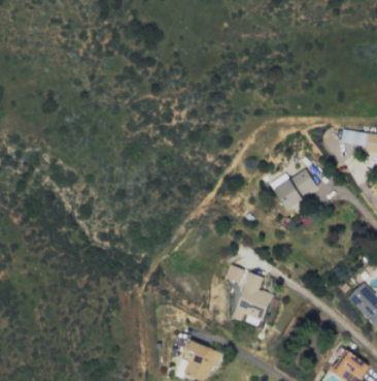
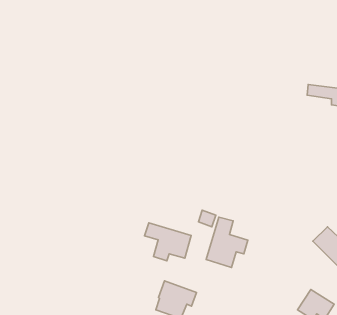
building: [273,168,317,208] -> none
building: none -> [145,223,191,261]

